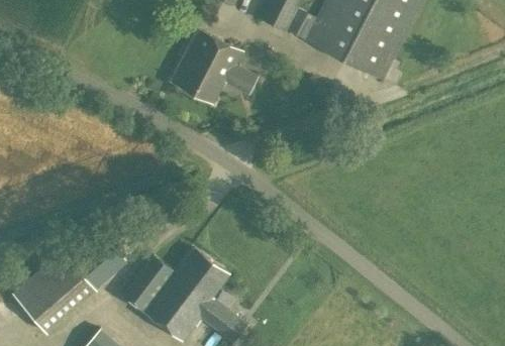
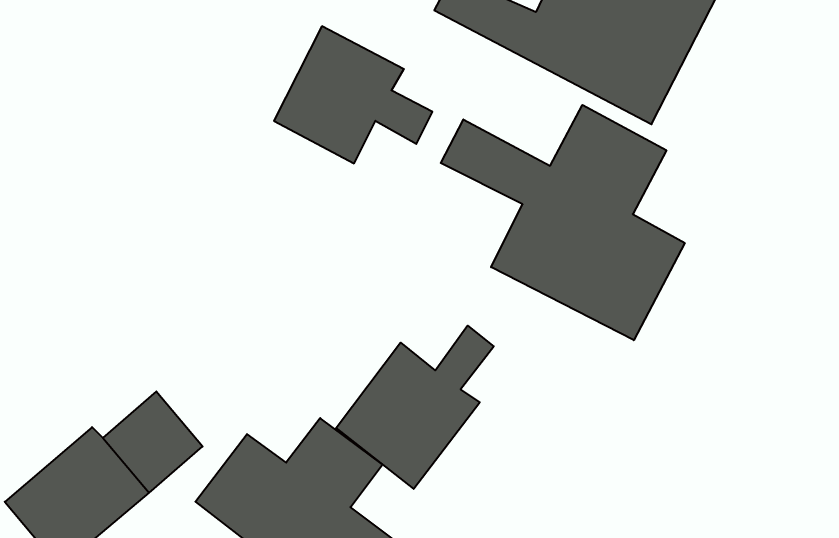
building: none -> [441,105,685,340]
building: none -> [336,326,494,489]

